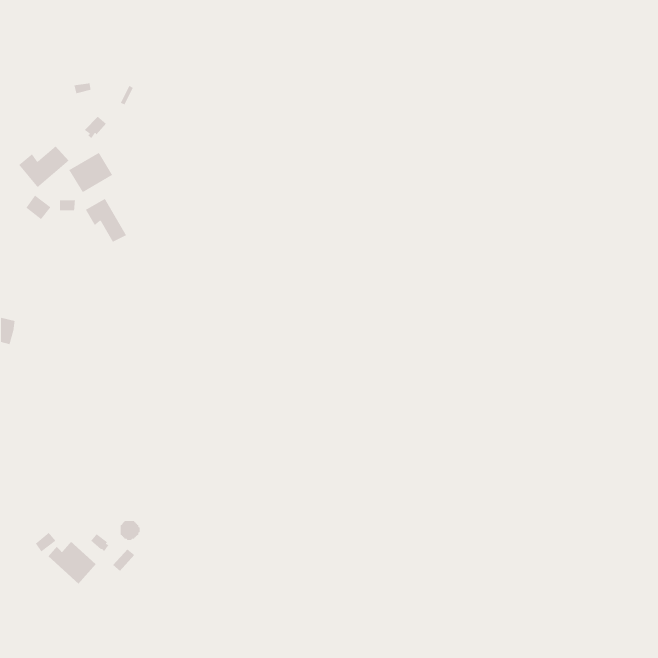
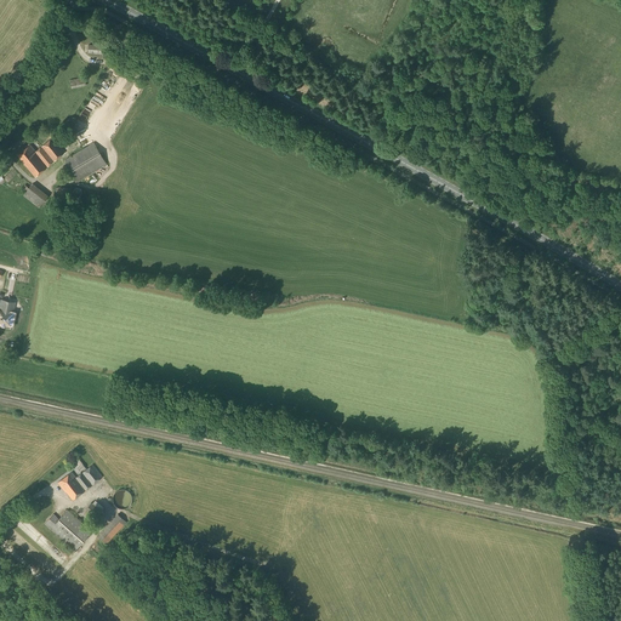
building: [85,198,127,243] -> none
building: none -> [57,465,102,500]

